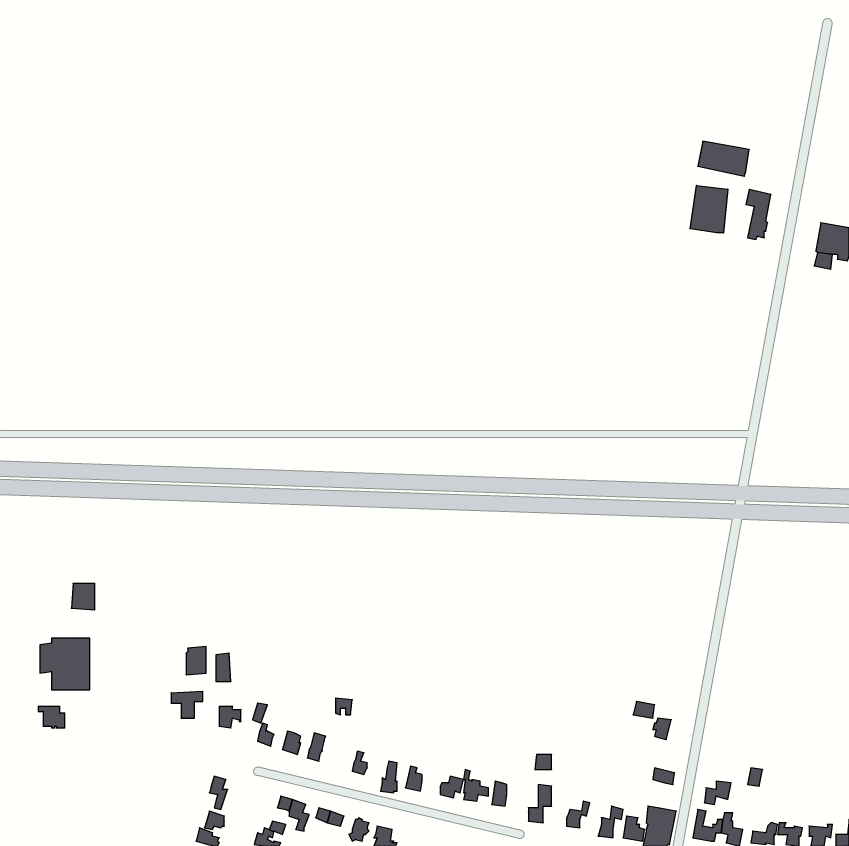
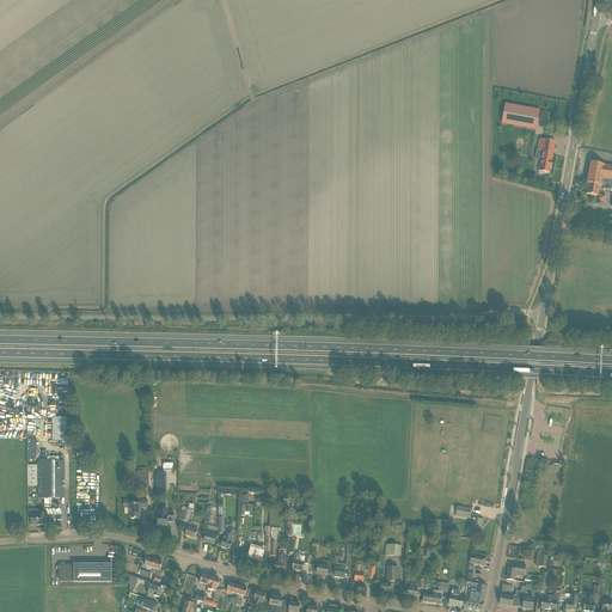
building: [690,185,728,233] -> none
building: none -> [59,562,111,580]

